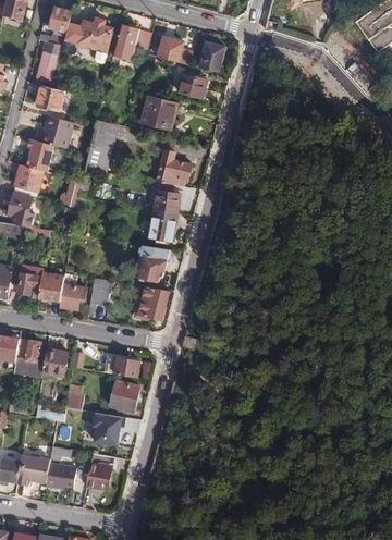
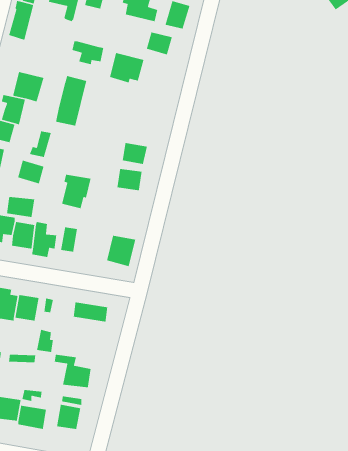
building: none -> [72,40,104,65]
building: [35,85,64,112] -> none
building: [156,150,191,186] -> none
building: none -> [17,160,45,184]
building: [137,245,169,282] -> [61,174,92,209]
building: none -> [6,196,35,218]
building: [109,380,139,412] -> none

